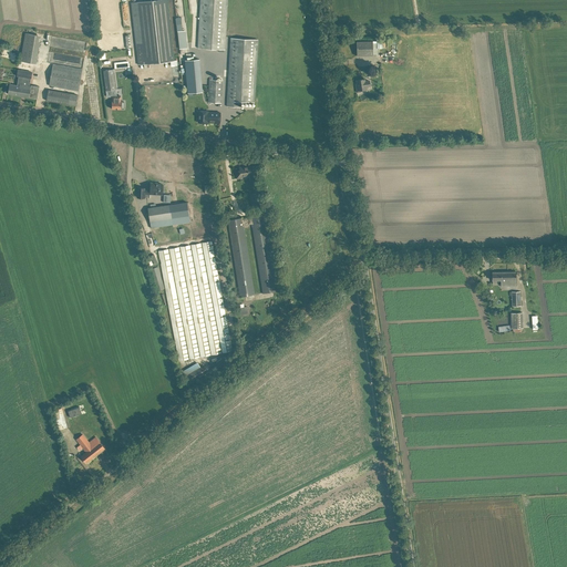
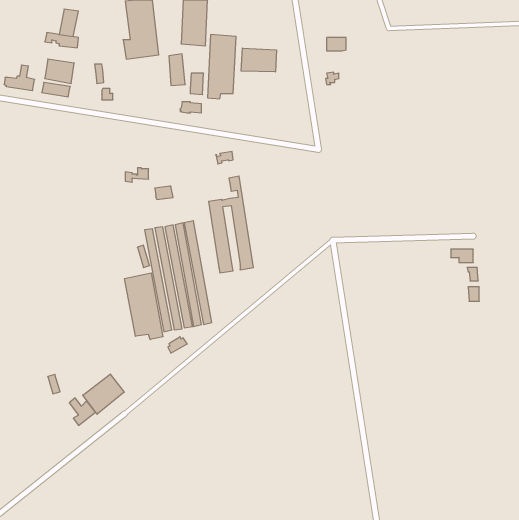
building: [19,33,40,63] -> [59,9,78,37]
building: none -> [241,48,276,72]
building: [147,205,172,228] -> none
building: none -> [125,273,163,340]
building: none -> [83,374,124,414]

